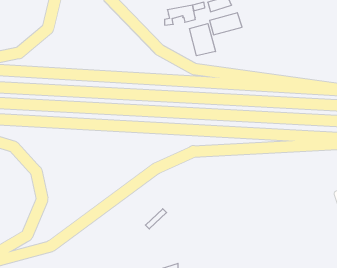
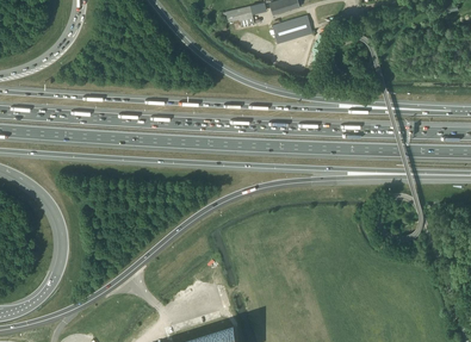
building: [190,24,215,56] -> none

